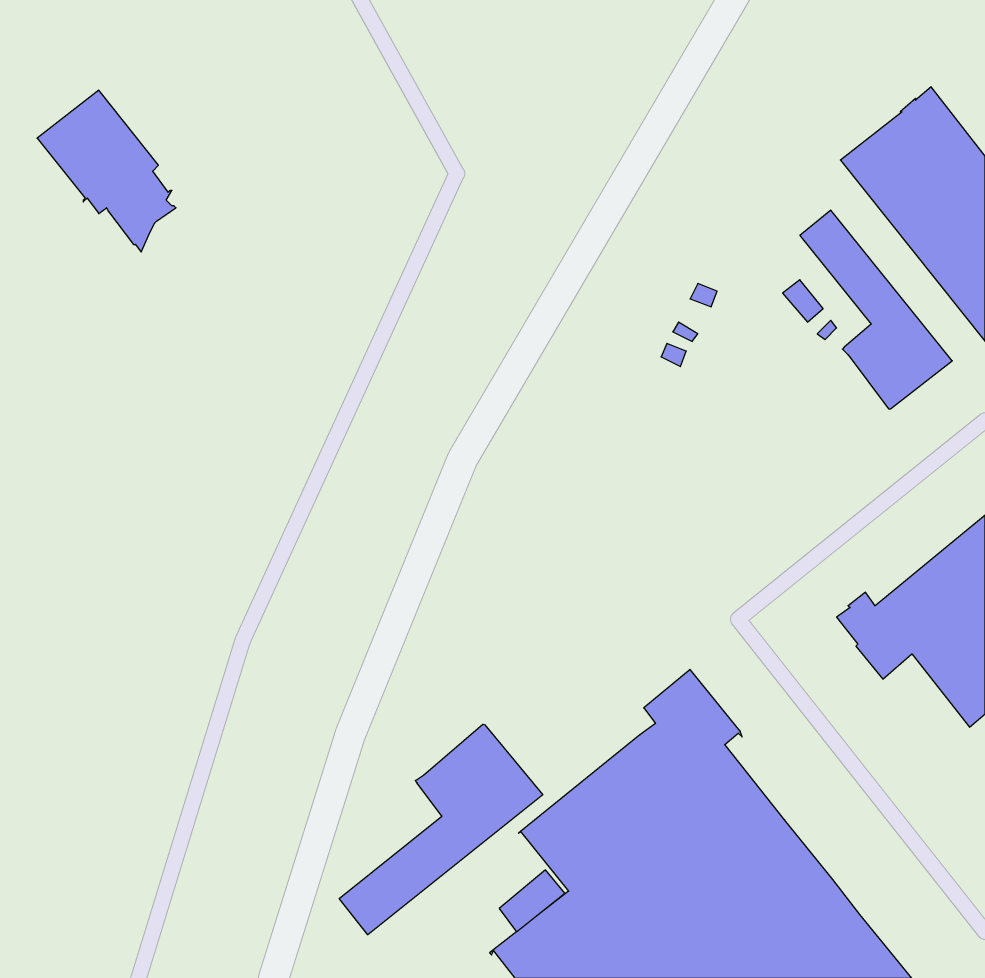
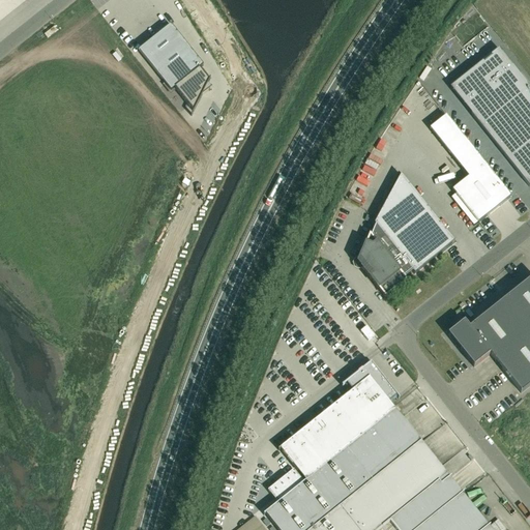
building: [37,90,176,252] -> [138,22,212,109]
building: none -> [360,172,454,294]
building: [339,724,543,935] -> none

